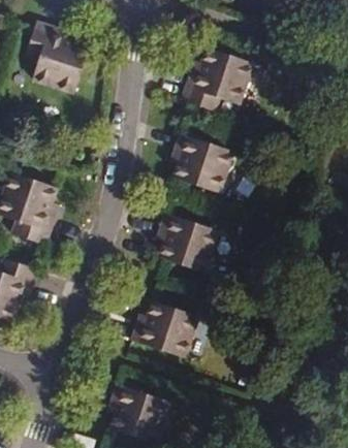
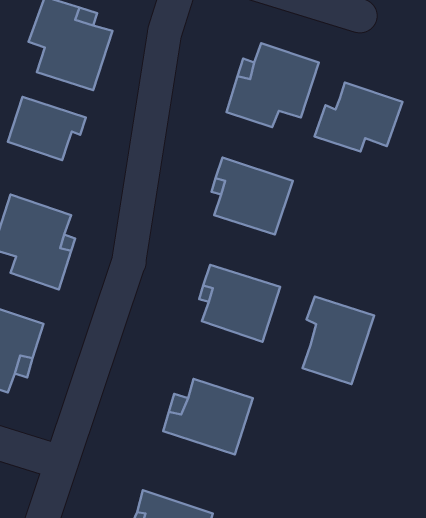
building: none -> [314,83,402,152]
building: none -> [8,97,86,160]
building: none -> [302,296,374,384]

